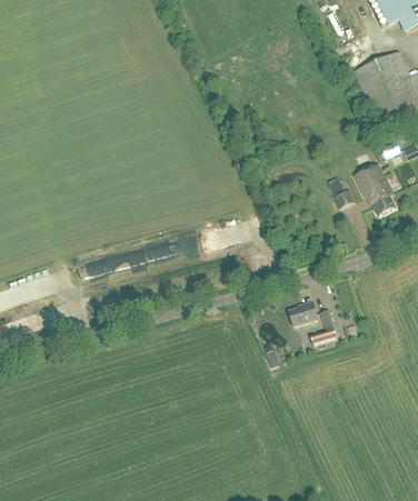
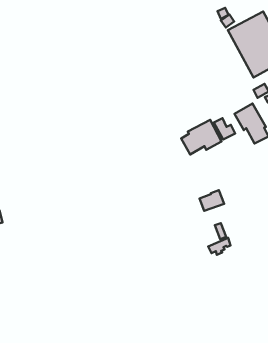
building: none -> [181,120,222,155]
building: [288,300,318,324] -> [200,190,224,211]

